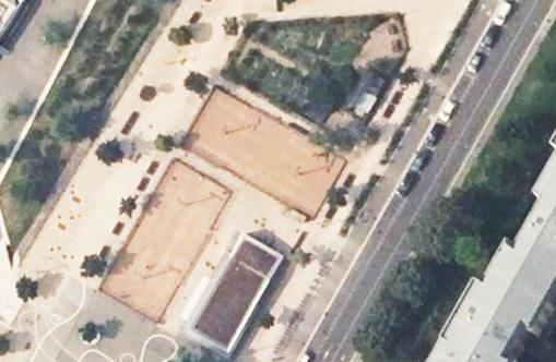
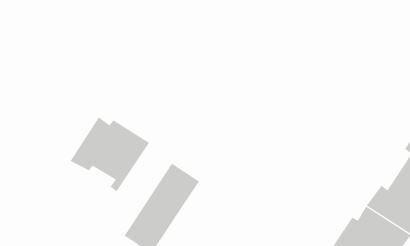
building: none -> [70,117,150,192]

